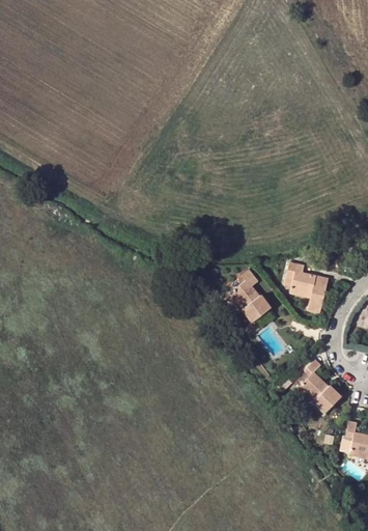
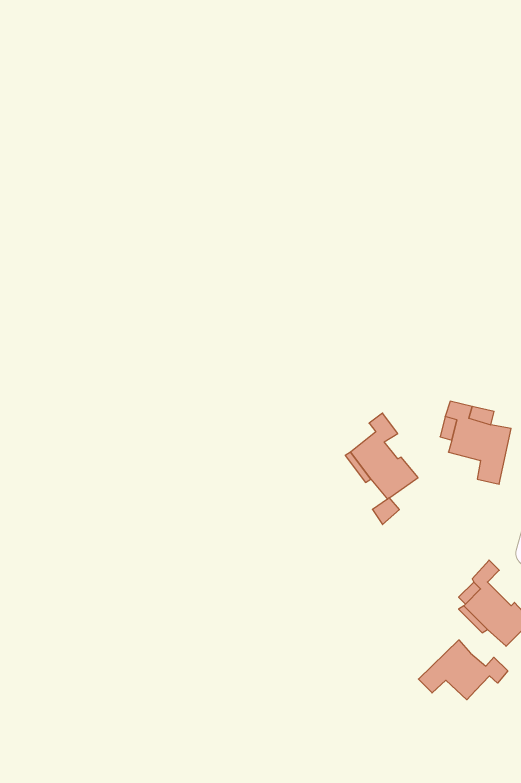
building: none -> [418,640,508,700]

